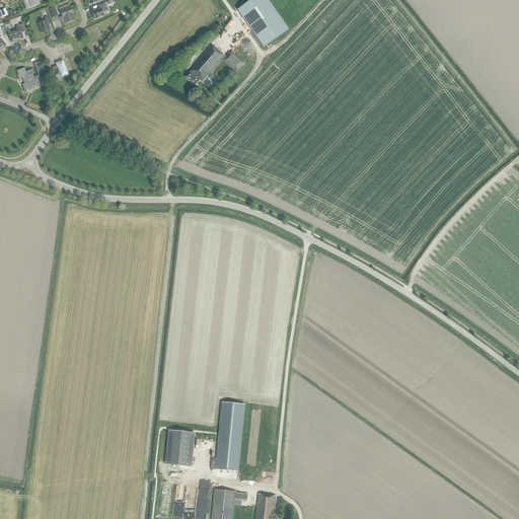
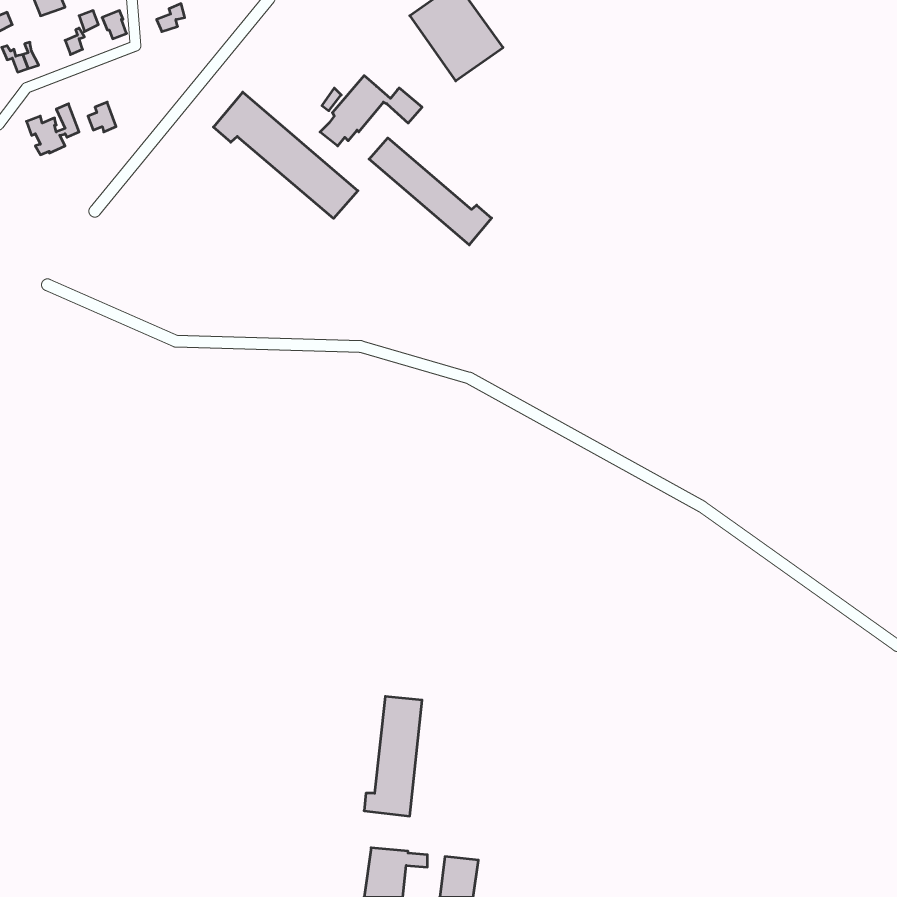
building: none -> [213,92,358,218]
building: none -> [369,138,492,245]
building: [165,430,195,465] -> none

